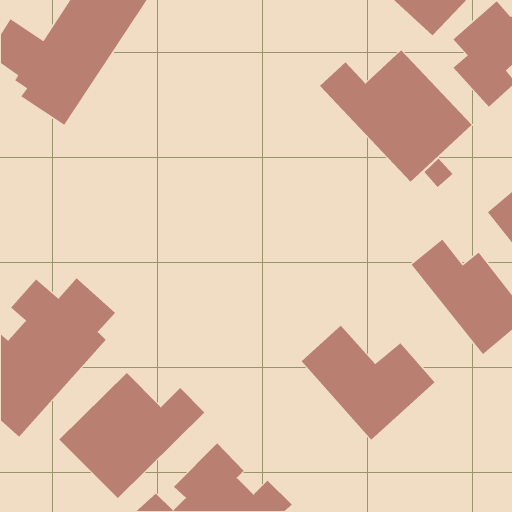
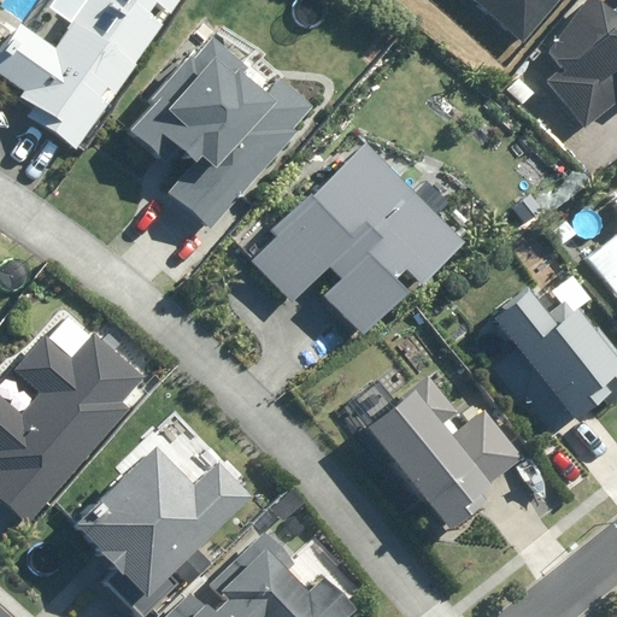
building: none -> [127,20,312,225]
building: [319,49,473,183] -> none
building: none -> [249,141,464,340]

